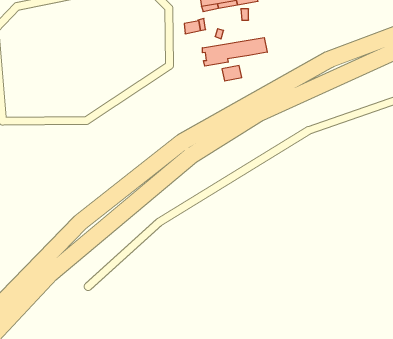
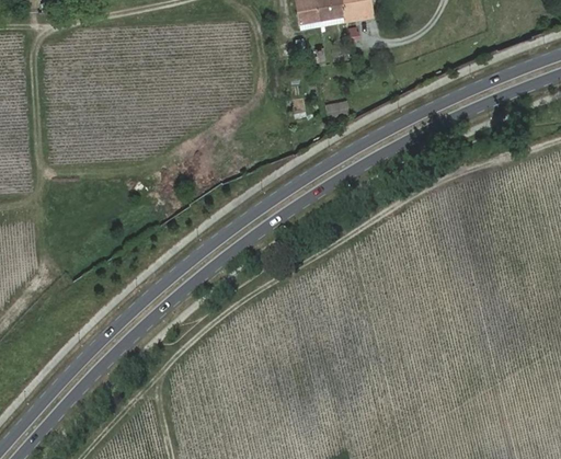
building: [202,38,267,66] -> none

